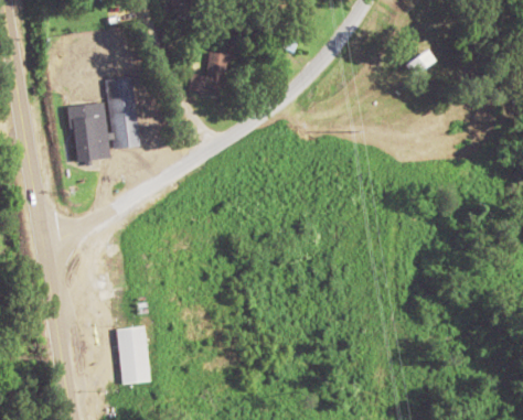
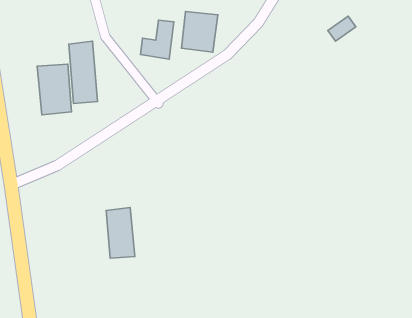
building: none -> [182,11,218,52]
building: [117,325,150,384] -> [106,208,135,258]

